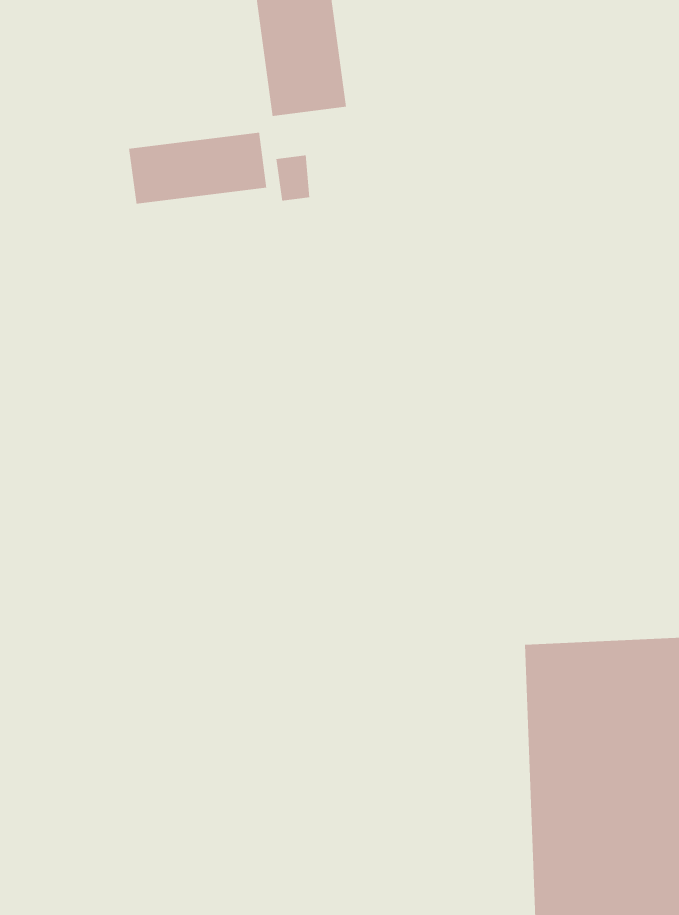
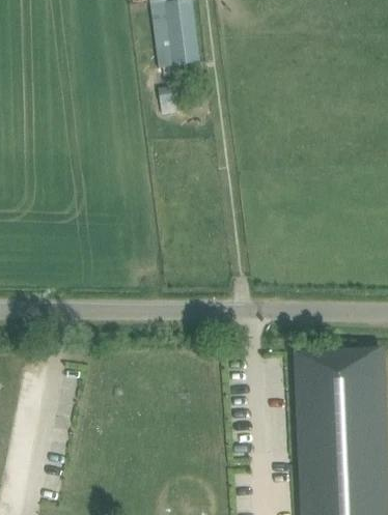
building: [129,132,267,205] -> none

